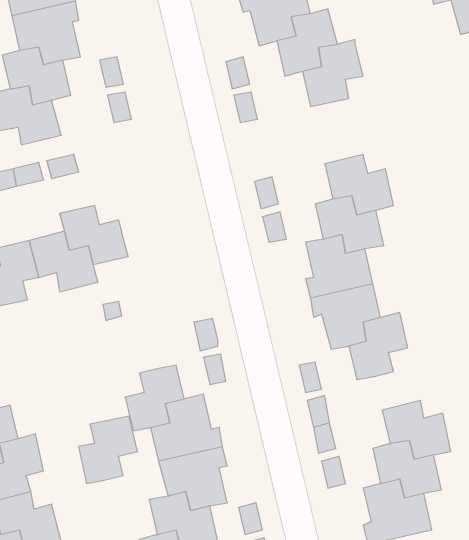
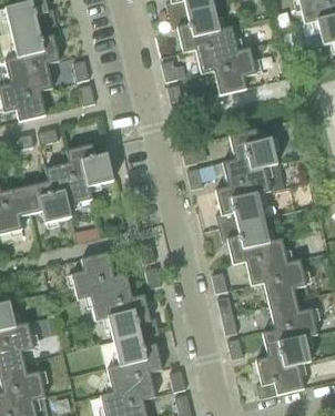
building: none -> [65,135,113,186]
building: none -> [263,258,304,305]
building: [79,416,138,483] -> [72,252,113,298]

